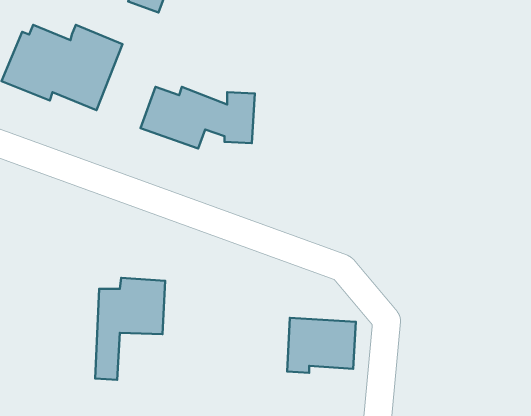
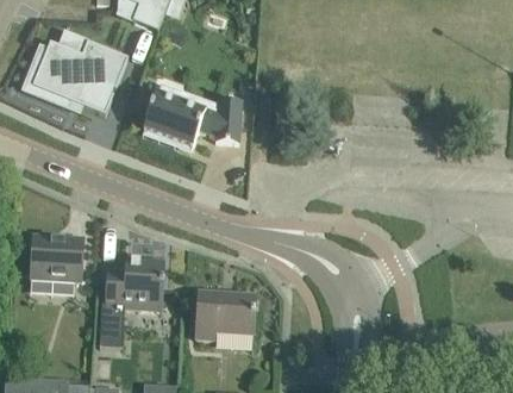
building: none -> [29,235,83,281]
building: [287,318,356,373] -> [194,292,254,339]

